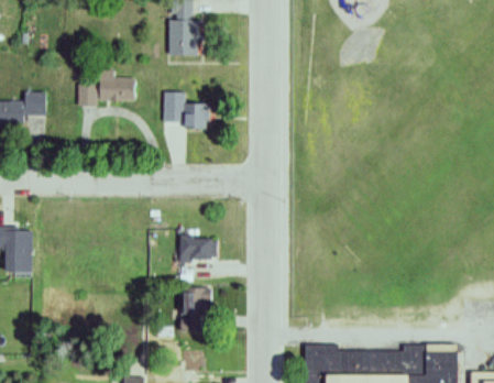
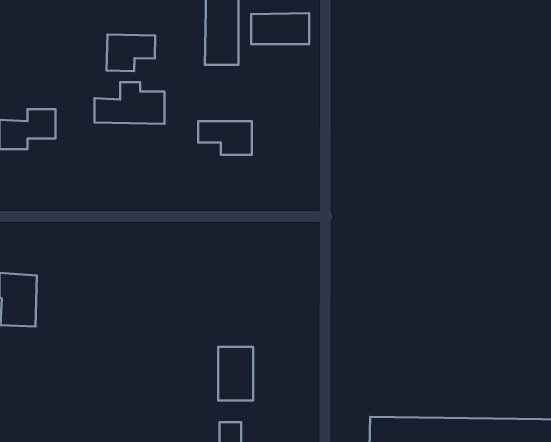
building: none -> [251,13,309,44]
building: none -> [107,34,155,71]
building: [179,238,218,261] -> none

